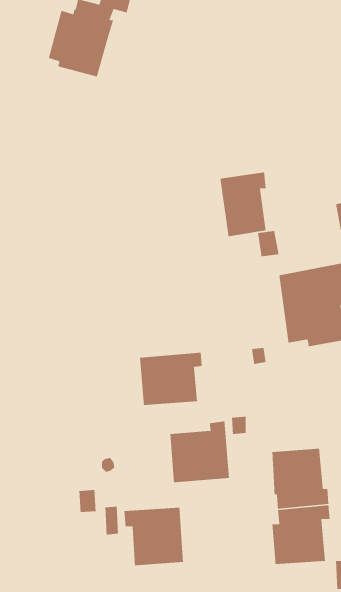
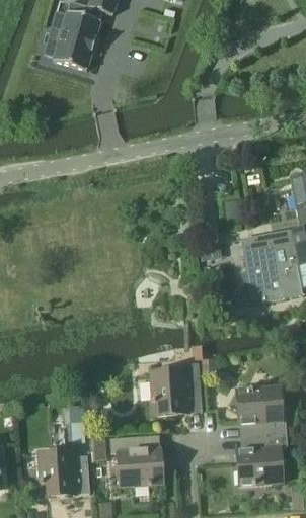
building: [219,172,266,237] -> none
building: [139,352,203,406] -> none
building: none -> [37,449,90,494]

